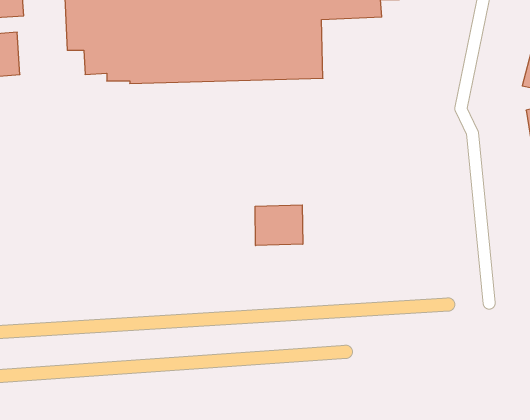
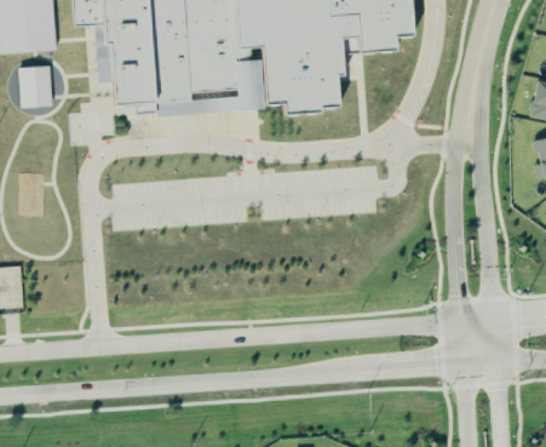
building: [255,205,303,246] -> none

